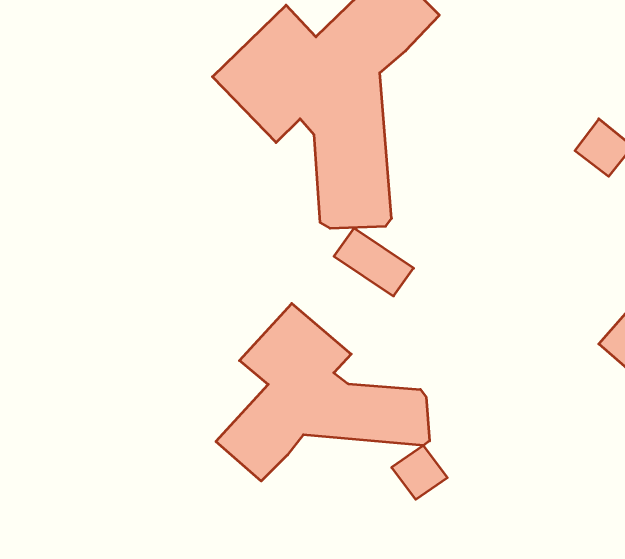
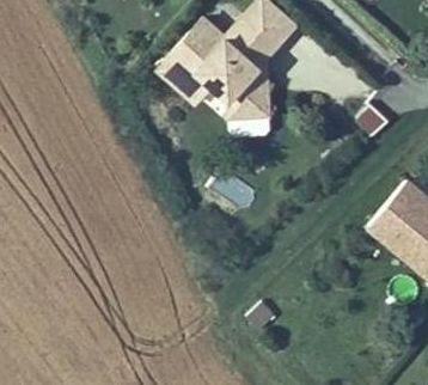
building: [216,303,430,481] -> none

